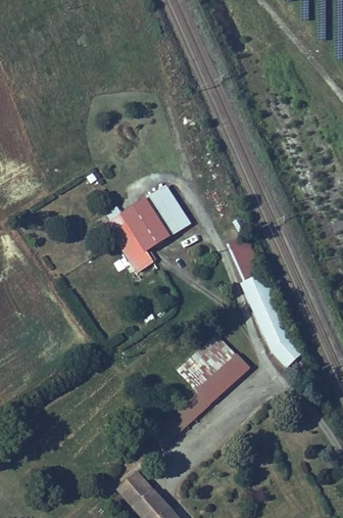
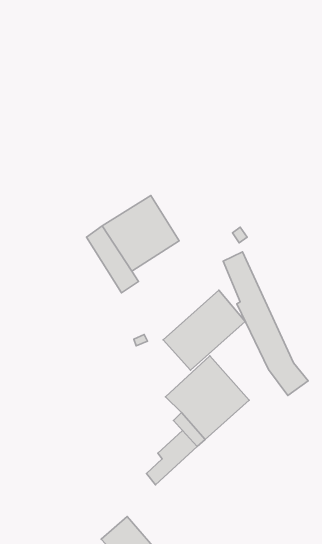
building: none -> [163,290,245,370]

